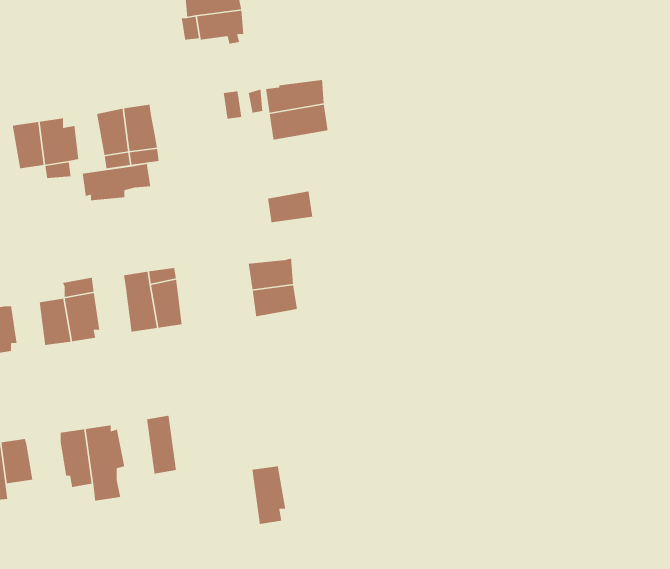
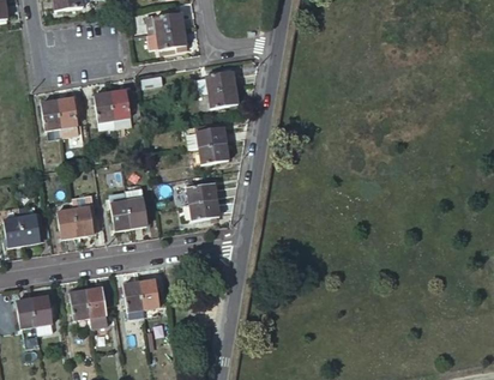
building: [82,163,151,201] -> none
building: none -> [189,125,227,147]
building: [251,465,286,525] -> [139,279,161,316]

